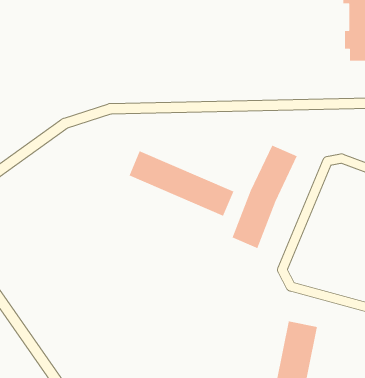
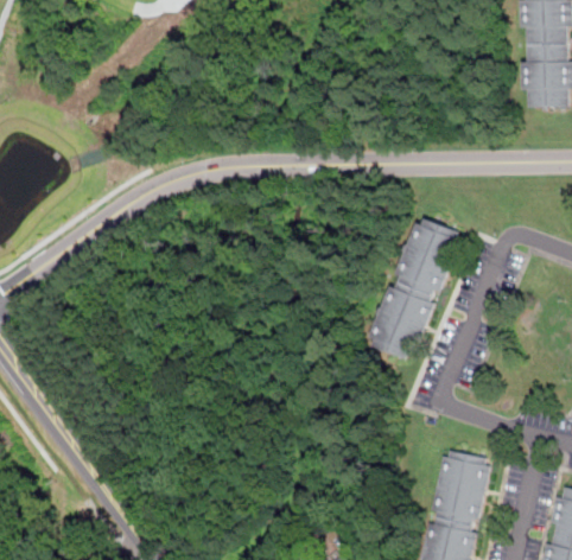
building: [128,150,235,217] -> none

